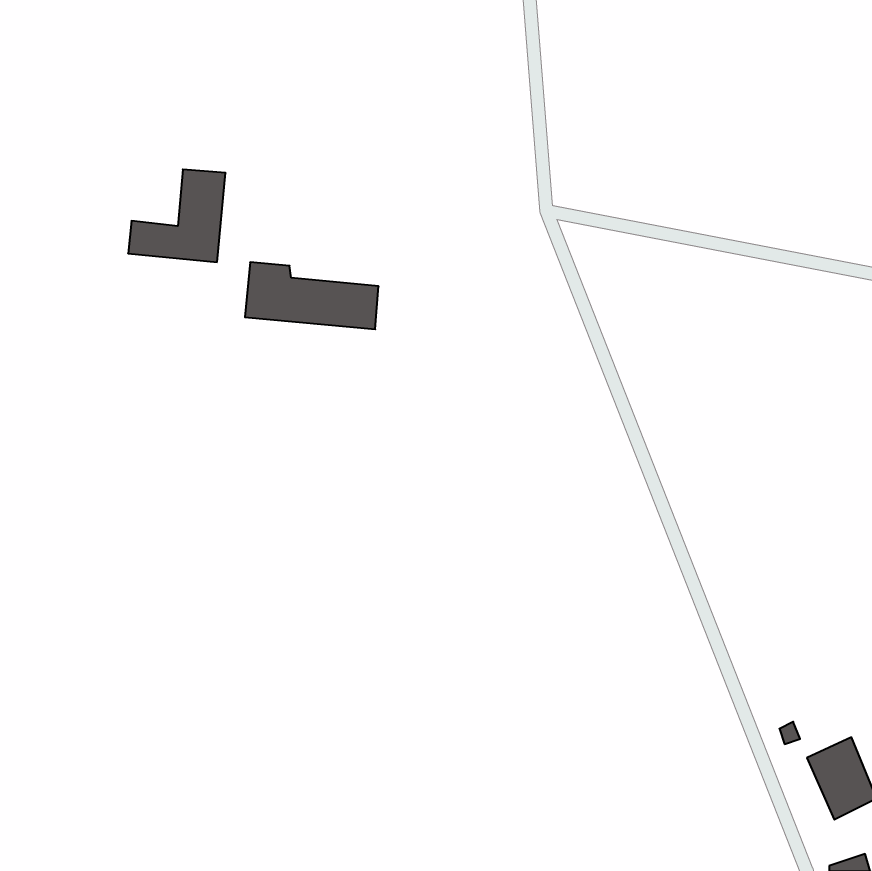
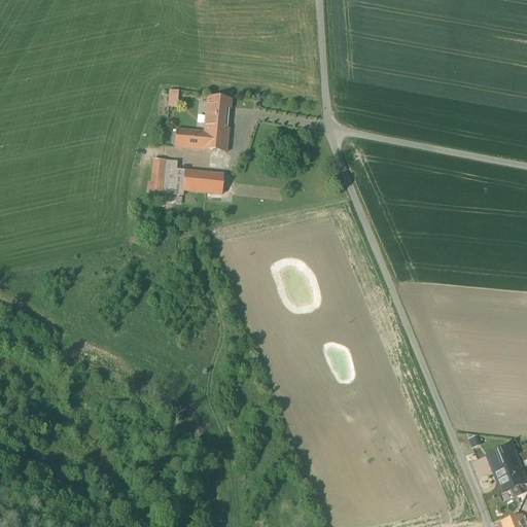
building: [128,169,226,262] -> [173,95,232,150]

